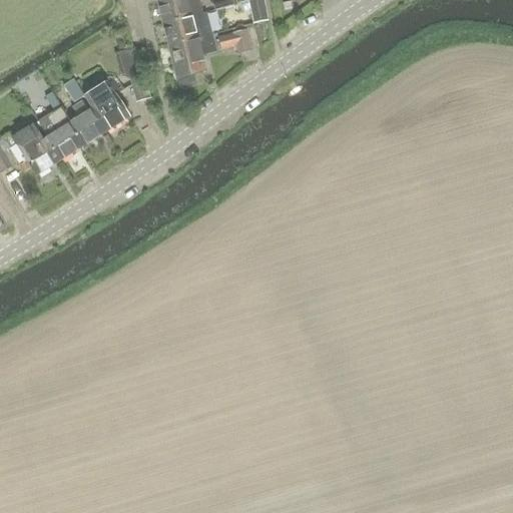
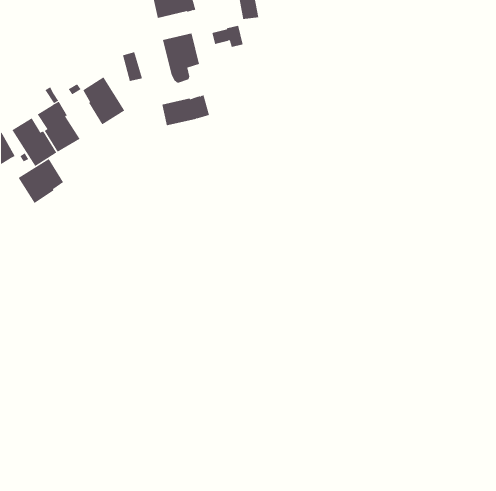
building: [162,9,212,41] -> [161,95,210,126]
building: [68,98,105,143] -> none
building: none -> [18,158,64,204]

